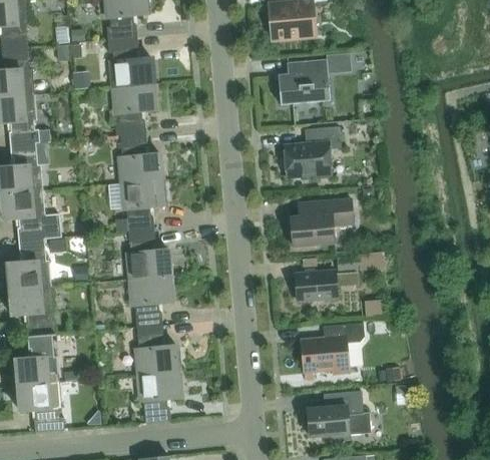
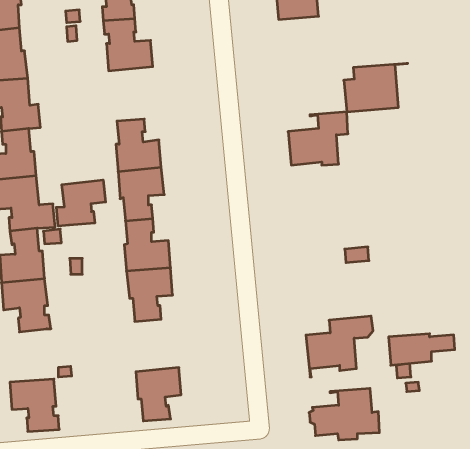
building: [277,58,338,104] -> [344,63,408,112]
building: [111,83,155,135] -> none
building: none -> [56,180,106,226]
building: [286,198,353,246] -> none
building: [295,271,358,301] -> [389,334,455,365]
building: [134,325,178,375] -> none
building: [15,334,59,385] -> none

